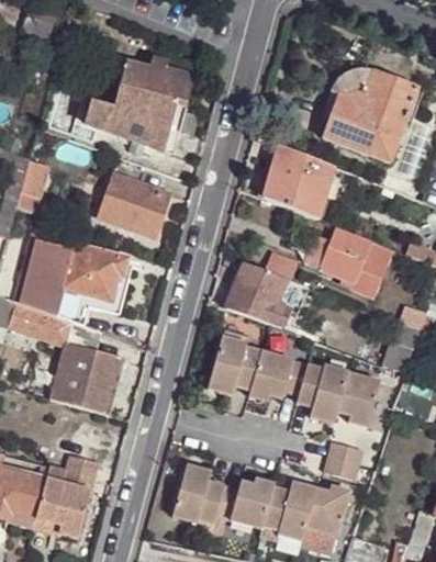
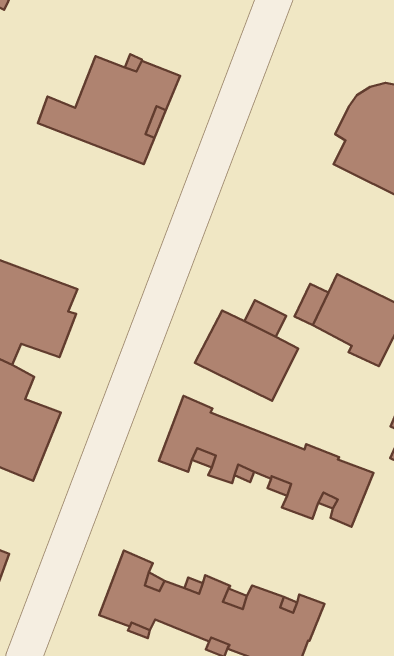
building: [260,143,336,220] -> none
building: [100,175,168,234] -> none
building: [325,438,364,477] -> none

